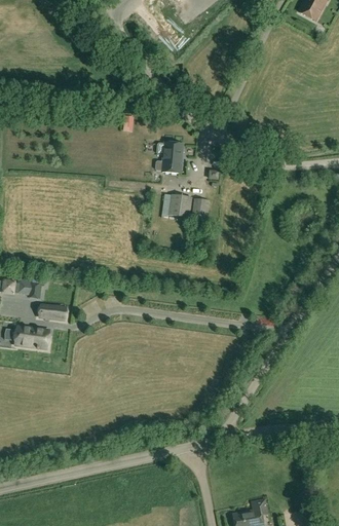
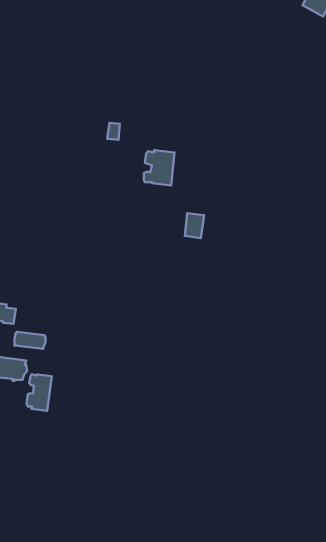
building: [167,194,191,218] -> none
building: none -> [27,374,52,411]

